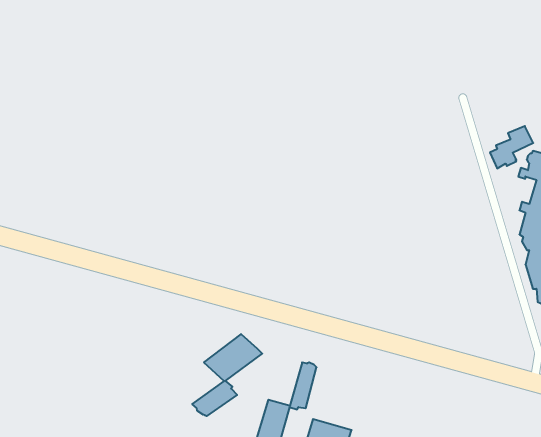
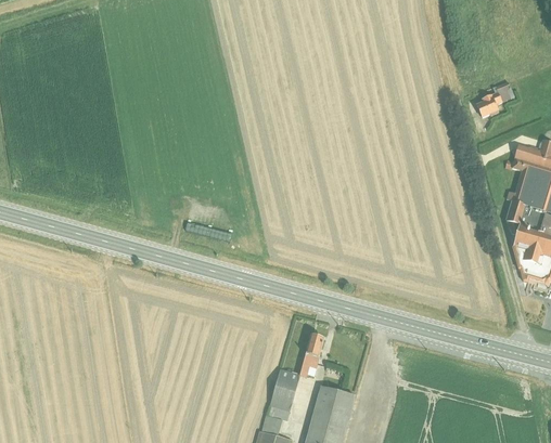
building: [490,126,533,168] -> [477,80,516,118]
building: [192,334,262,416] -> none

